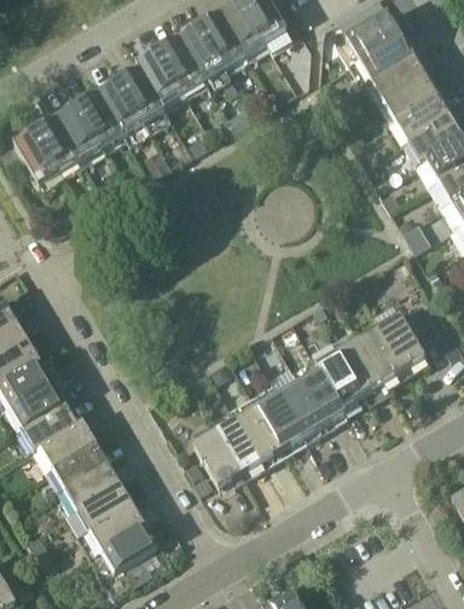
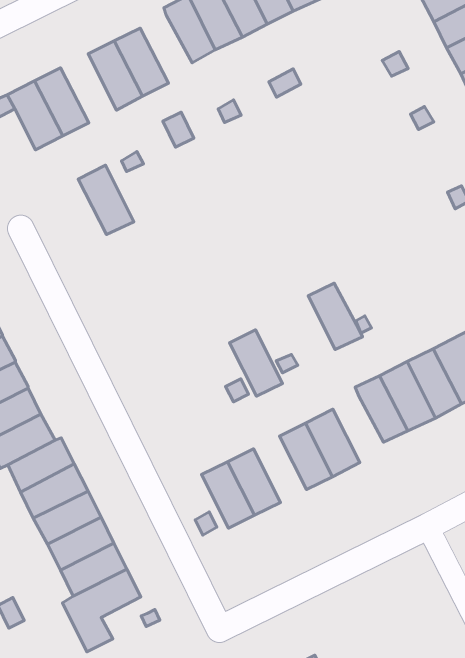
building: [120,65,167,121] -> none
building: [57,102,105,158] -> [78,165,134,234]
building: [301,366,348,420] -> [308,283,363,349]
building: [238,404,284,458] -> [230,330,283,396]

